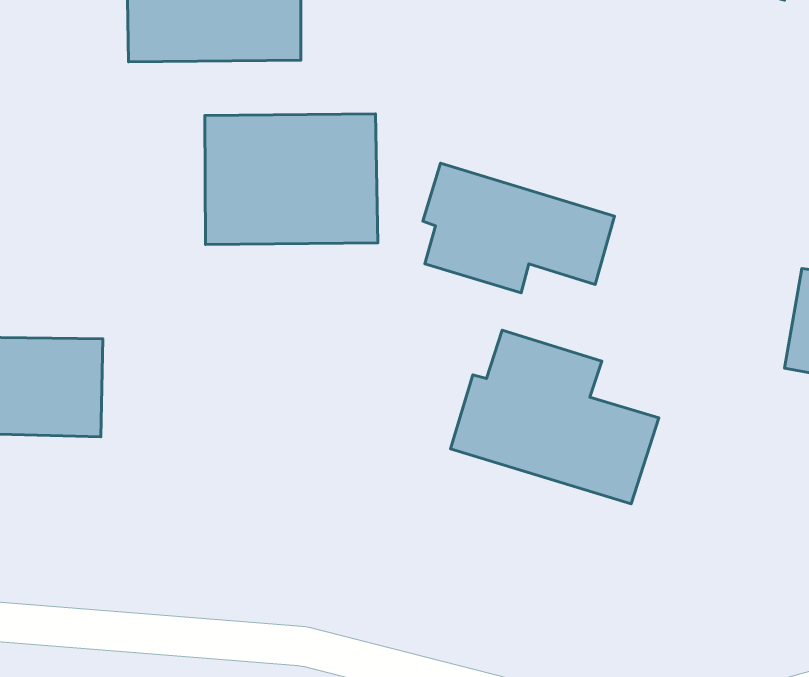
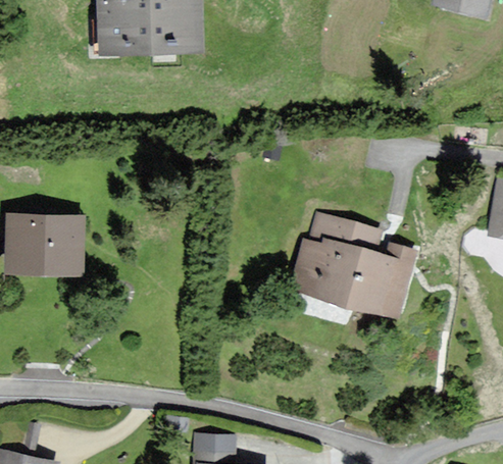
building: [205,114,378,245] -> none
building: [423,163,615,293] -> none

